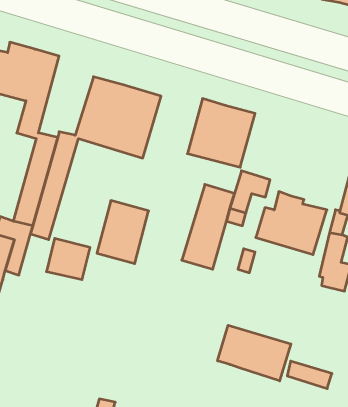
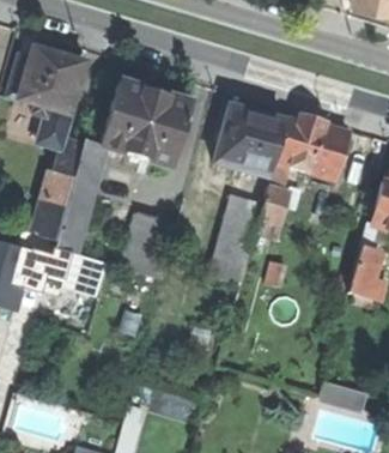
building: [256,192,327,255] -> [276,114,351,180]
building: [218,325,291,381] -> none

